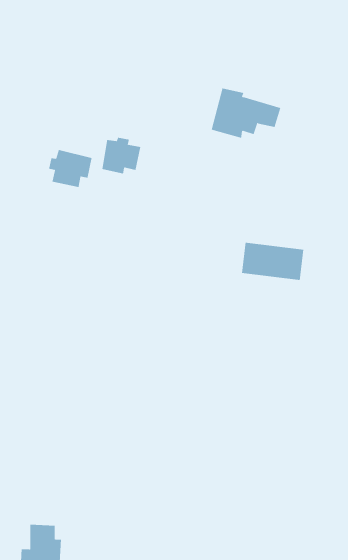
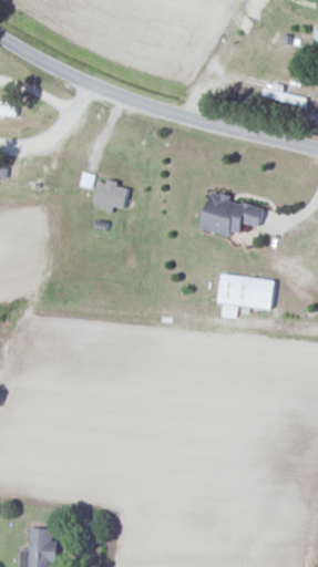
building: [211,88,281,139] -> [201,192,264,237]
building: [49,149,92,188] -> none

